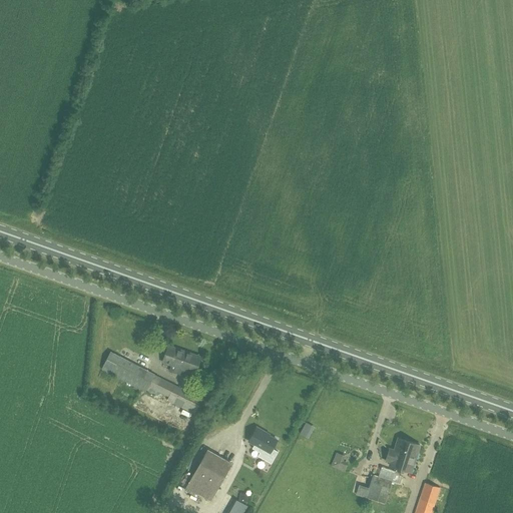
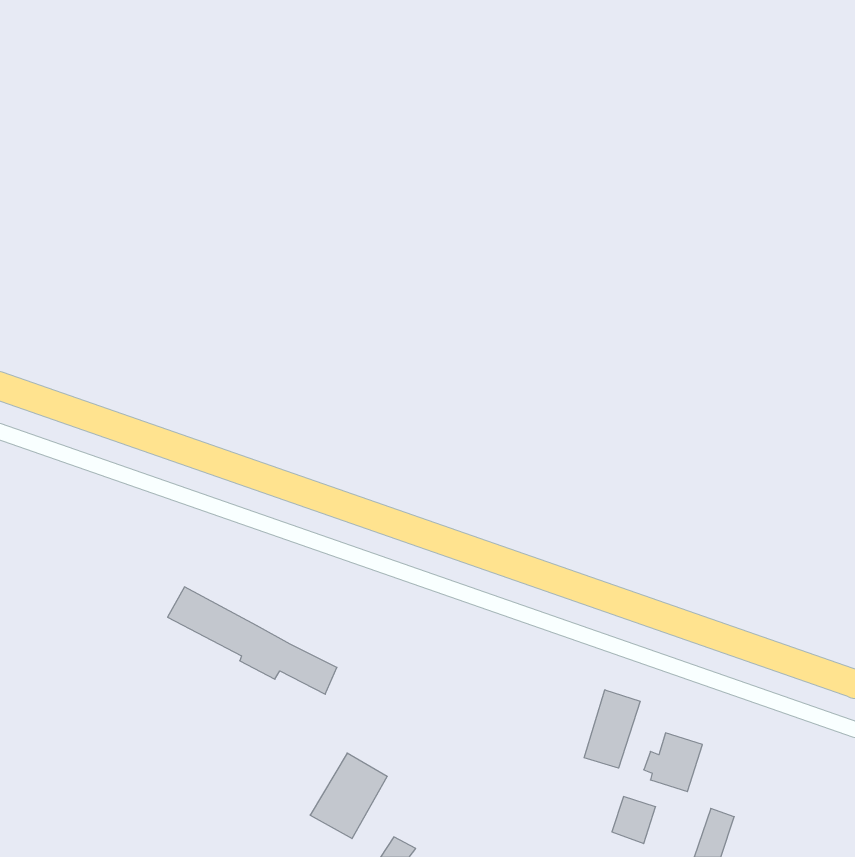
building: [162,347,198,373] -> none
building: none -> [584,690,640,768]
building: [248,428,277,454] -> none

